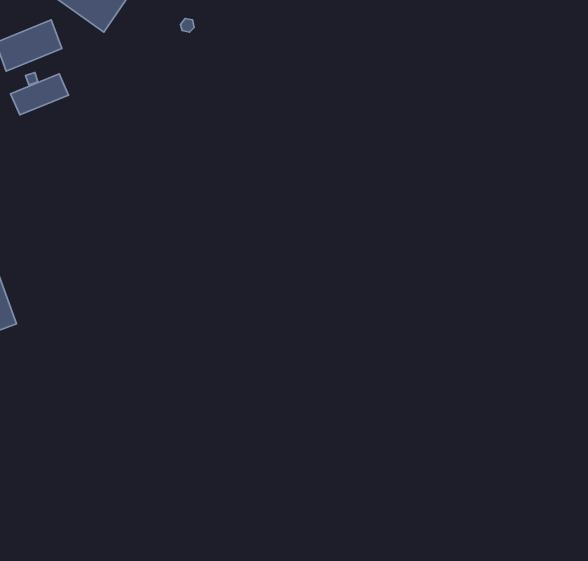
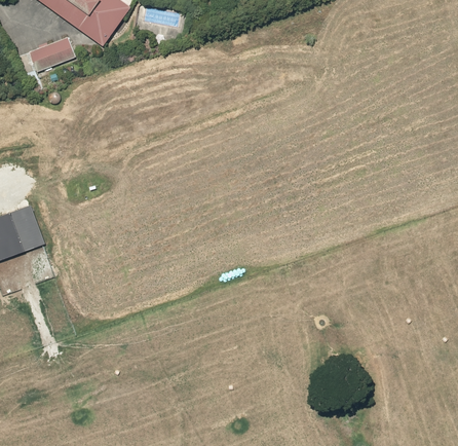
building: [11,74,69,115] -> none

